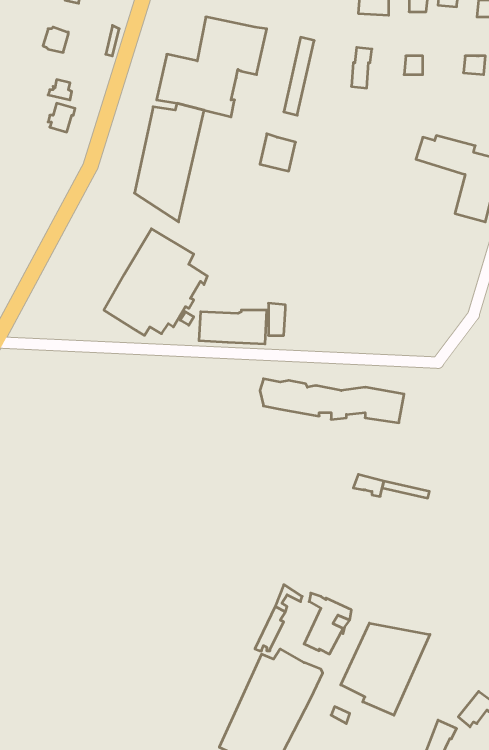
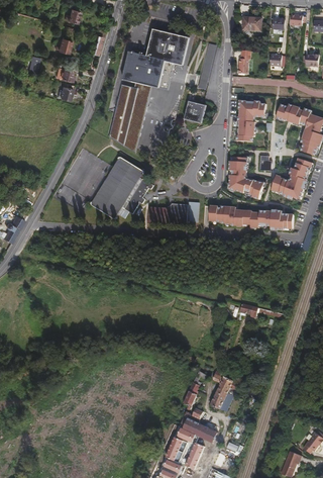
building: none -> [237,100,266,139]
building: none -> [226,154,264,196]
building: none -> [273,157,313,198]
building: [260,379,404,423] -> [209,203,295,229]
building: [341,623,430,715] -> none

